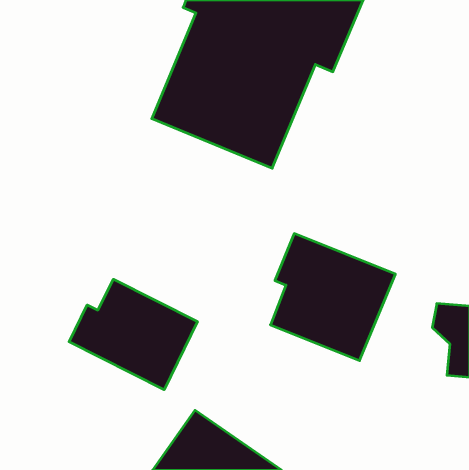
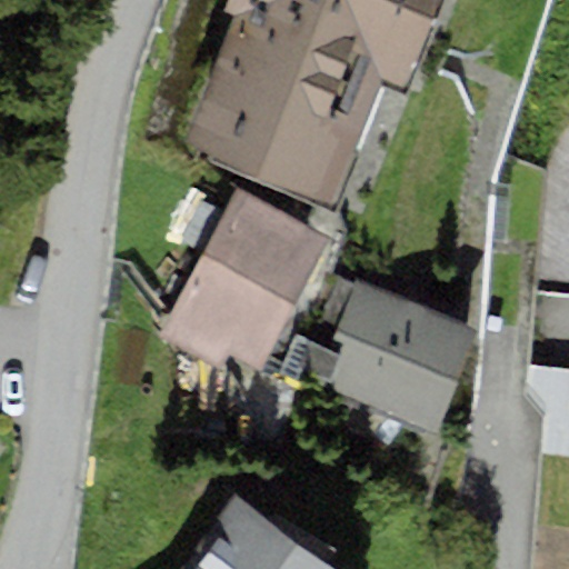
building: none -> [160,194,328,373]
building: [69,279,197,390] -> none

